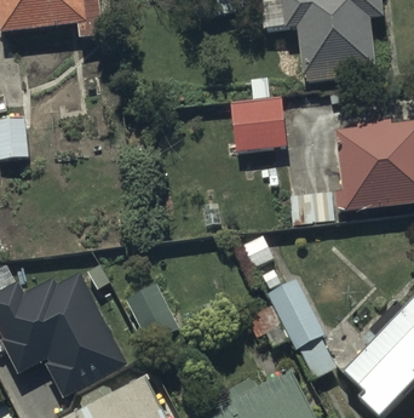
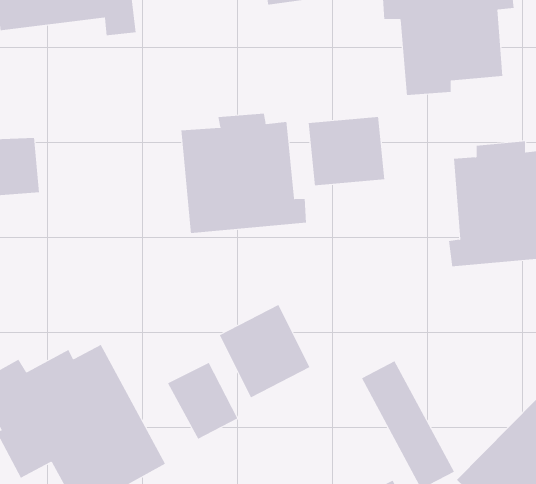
building: none -> [181,113,307,234]
building: none -> [219,304,310,398]

